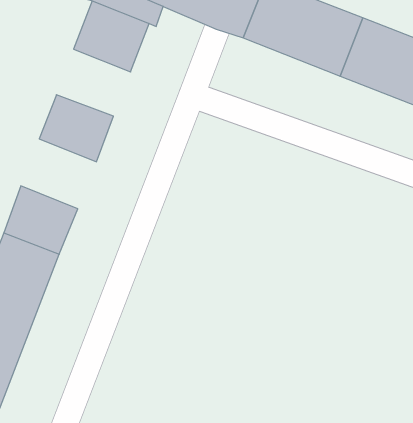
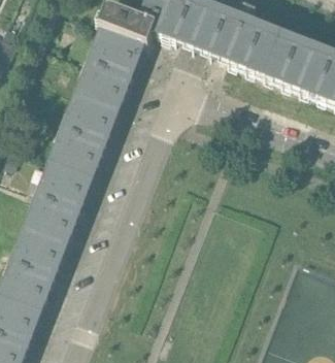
building: none -> [76,60,130,108]
building: none -> [51,125,105,175]

